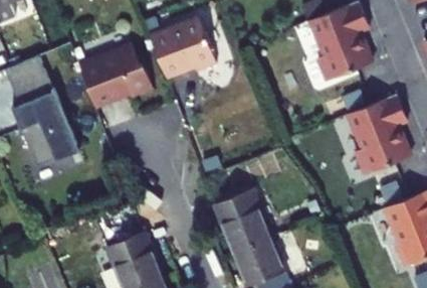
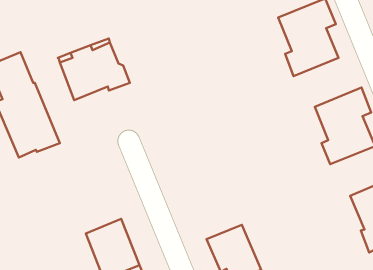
building: [148,16,215,79] -> none
building: [214,189,270,253] -> none

